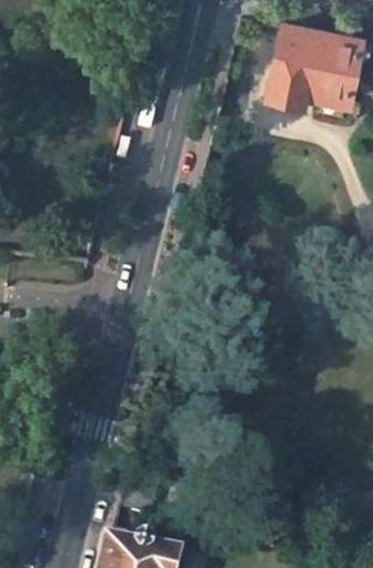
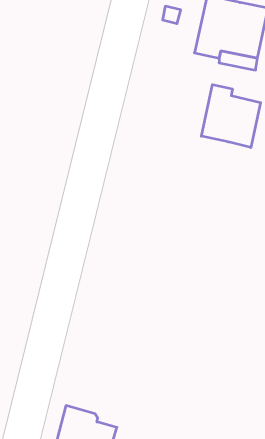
building: none -> [201,85,261,148]

